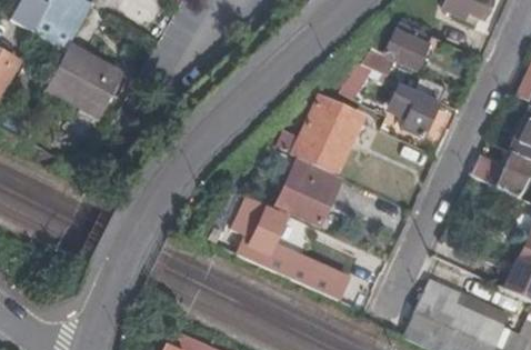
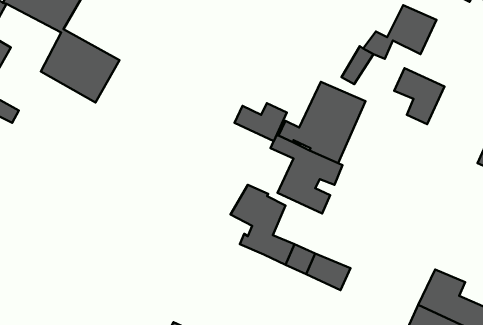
building: none -> [235,103,287,141]

